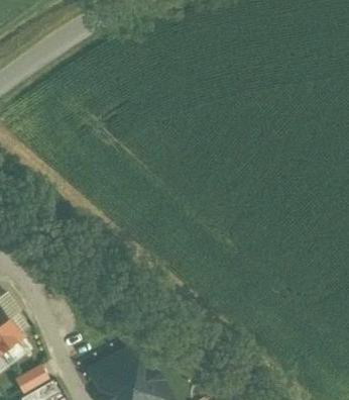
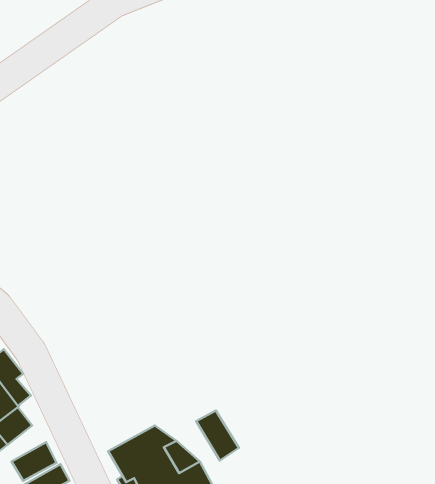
building: none -> [196,411,239,461]

